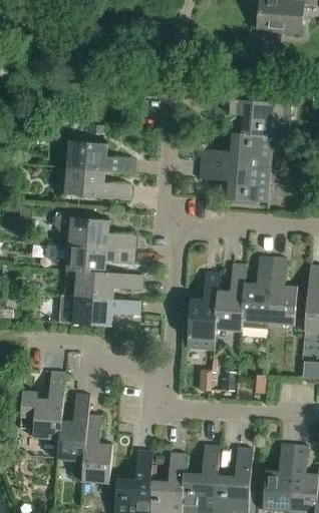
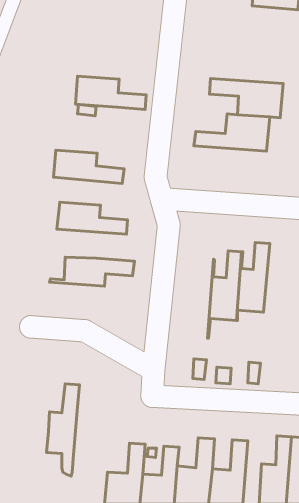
building: [66,141,134,173] -> [76,76,146,109]
building: [199,164,270,203] -> none
building: [65,244,134,273] -> none
building: [267,259,297,327] -> none
building: [187,273,219,350] -> none
building: [58,296,140,327] -> none
building: [19,372,64,440] -> none
building: [82,416,112,484] -> none

